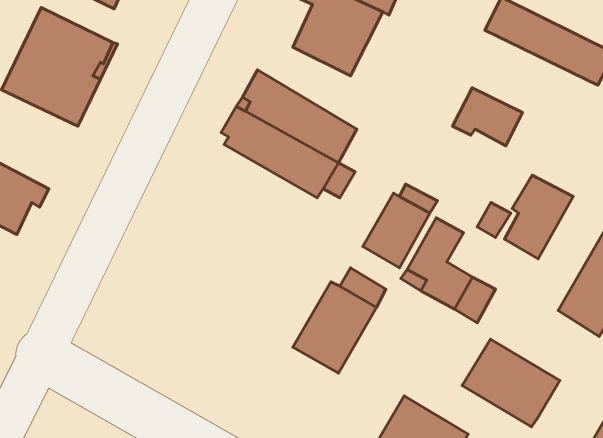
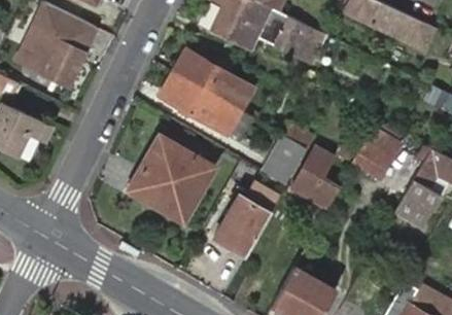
building: [452,88,523,146] -> [275,14,322,54]
building: none -> [136,135,217,216]
building: [462,339,560,427] -> none

